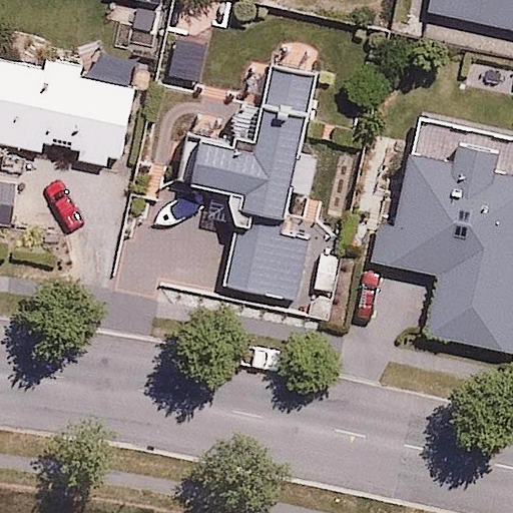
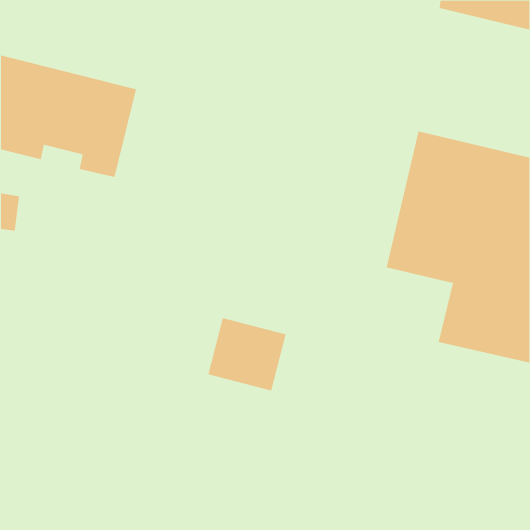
building: [193,69,313,223] -> none
building: [228,228,305,300] -> [208,318,286,391]

